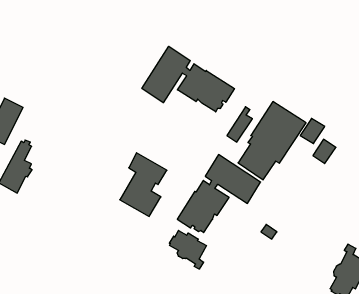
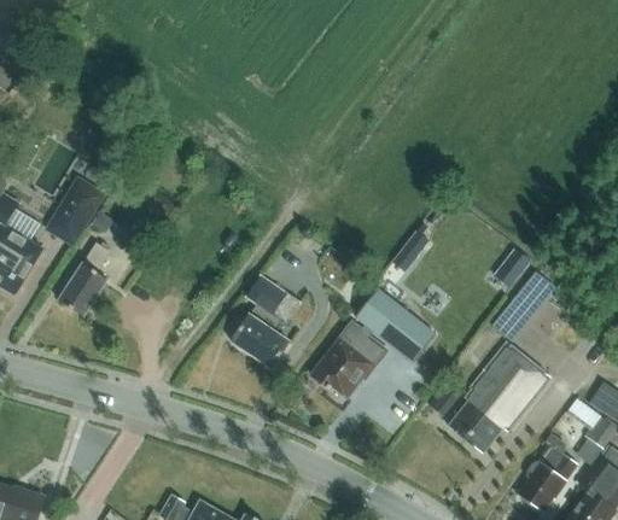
building: [142,46,234,112] -> none
building: [238,102,306,180] -> [449,341,552,452]
building: [169,230,206,269] -> none

